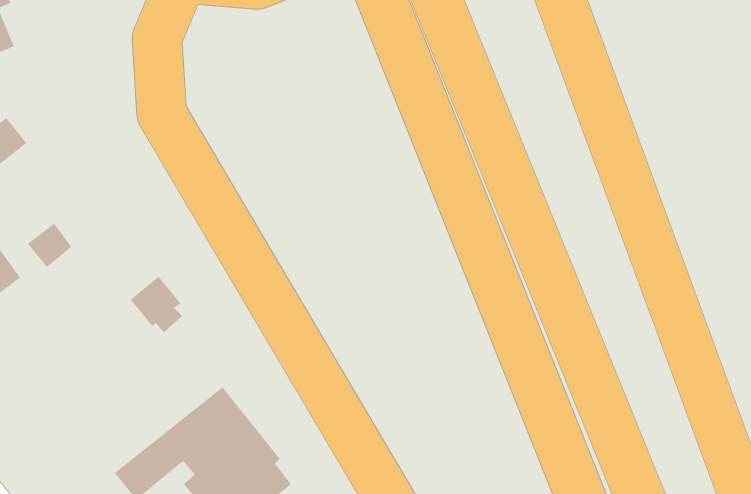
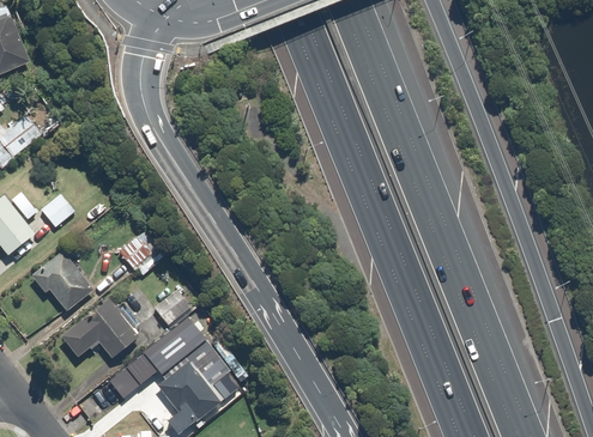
building: none -> [31,251,95,311]
building: none -> [153,287,194,326]
building: none -> [61,299,139,359]

